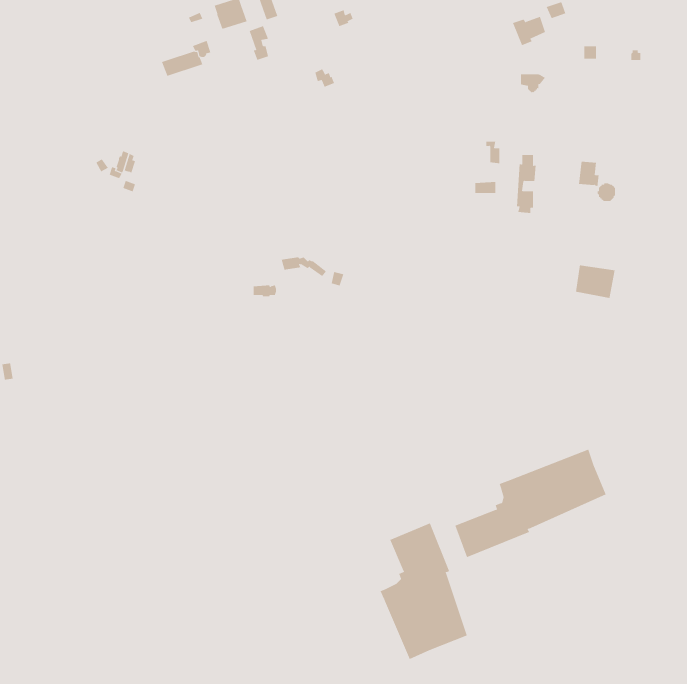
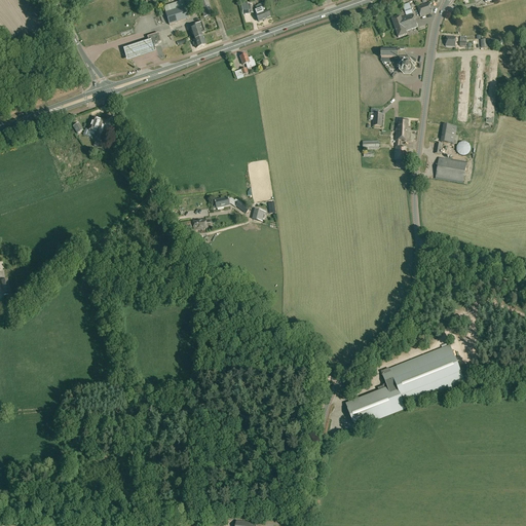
building: [575,265,615,298] -> [436,156,466,182]
building: [380,522,467,660] -> none

